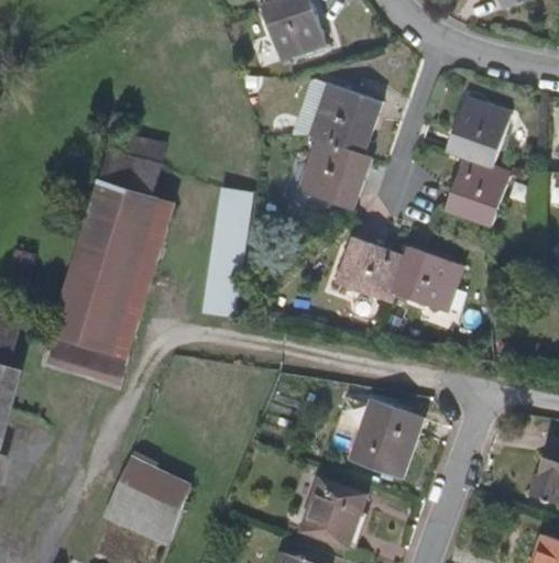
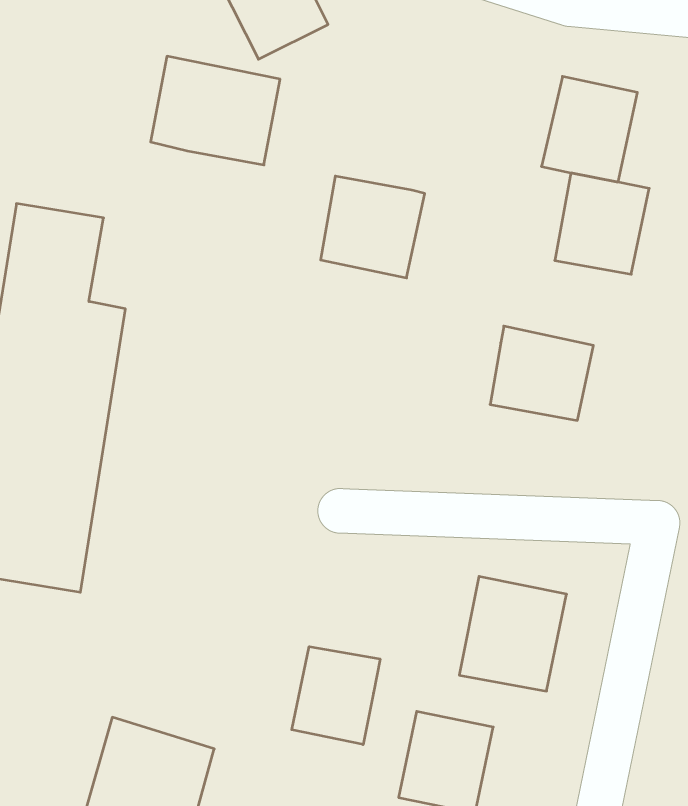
building: [294,78,380,154] -> [151,56,280,165]
building: [204,188,250,317] -> none
building: [336,238,404,301] -> none
building: none -> [292,647,380,745]

